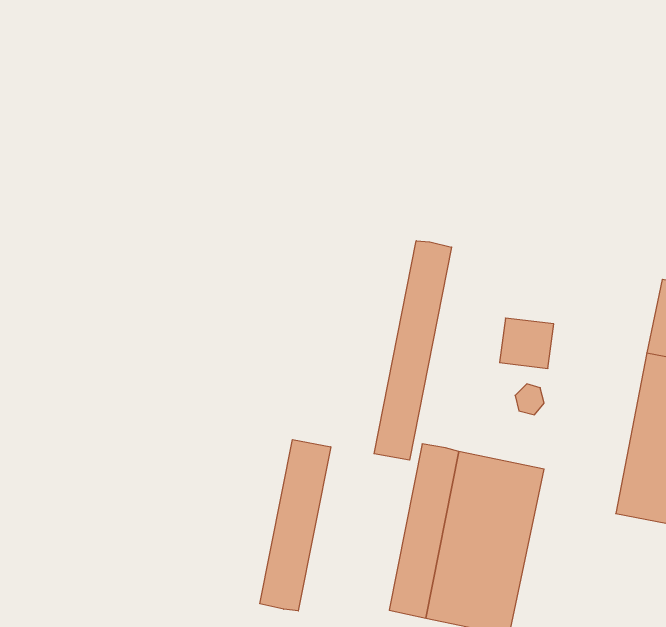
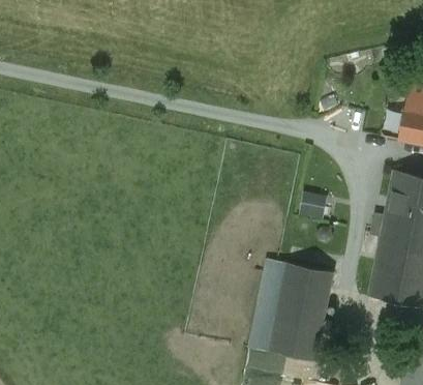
building: [374,241,452,460] -> none
building: [260,440,331,611] -> none

